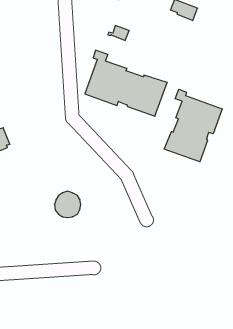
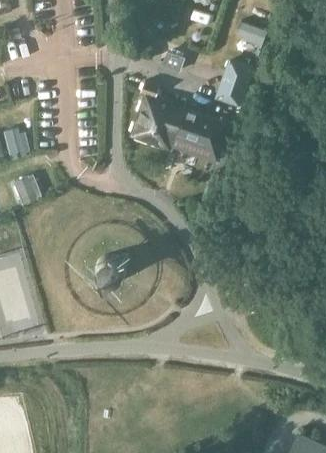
building: none -> [220,60,252,106]
building: [164,89,222,162] -> none

